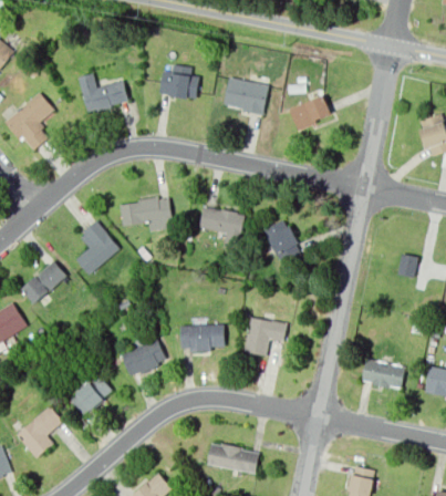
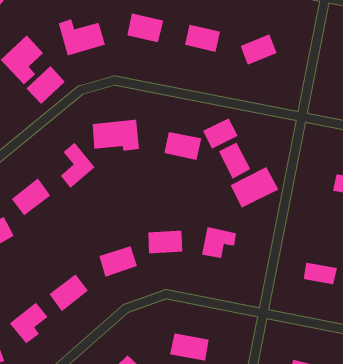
building: none -> [25,65,66,105]
building: none -> [202,117,239,149]
building: none -> [230,166,279,208]

